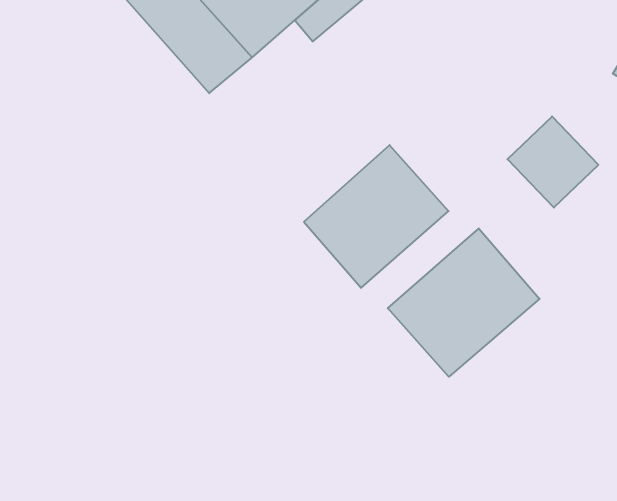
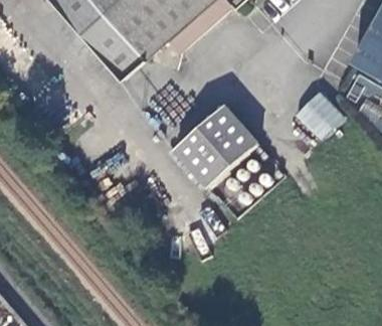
building: [388,228,540,377] -> none

